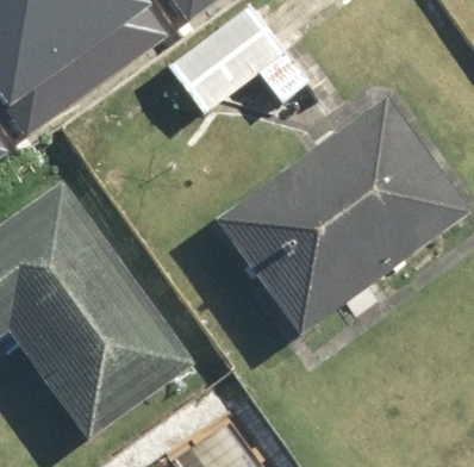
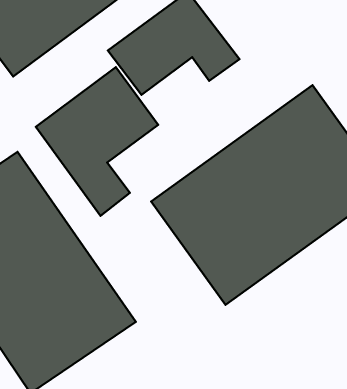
building: none -> [36,67,158,216]

